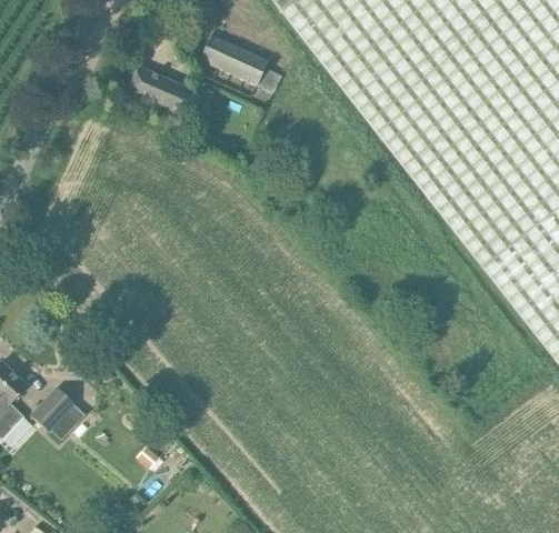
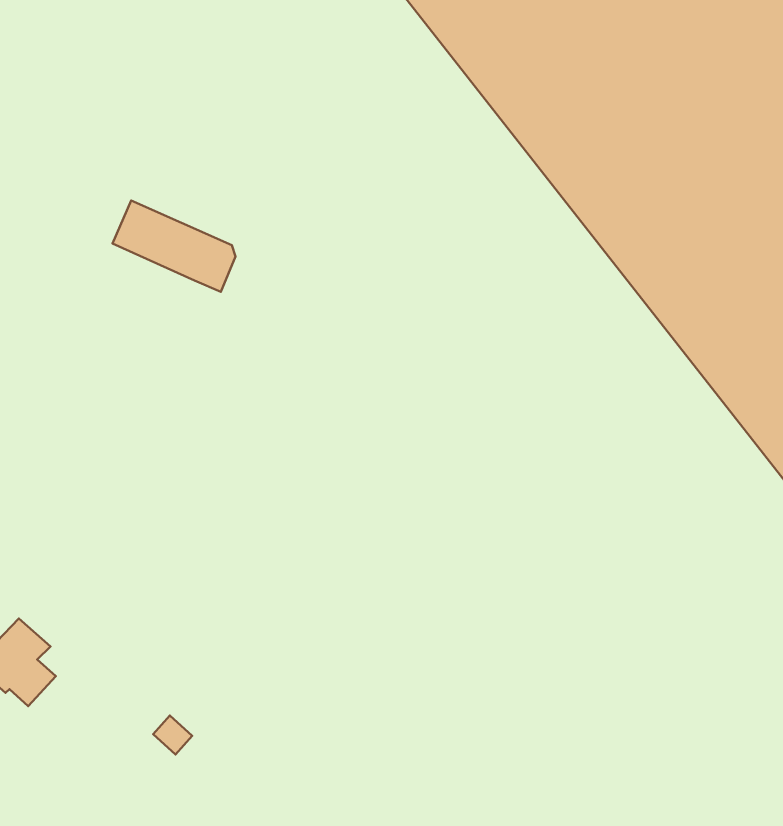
building: [199,36,280,92] -> none
building: [127,66,200,120] -> [112,200,236,292]

